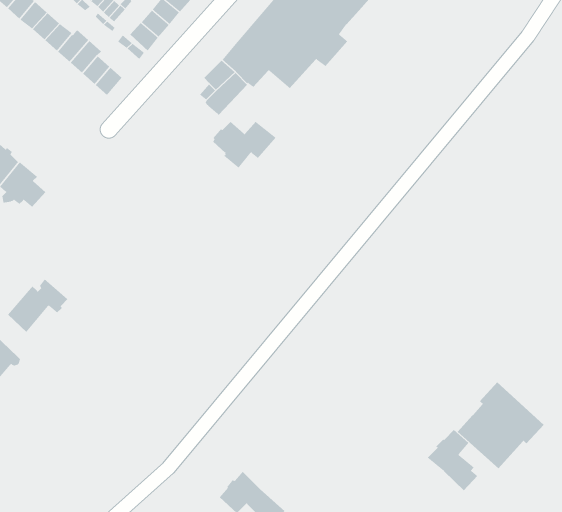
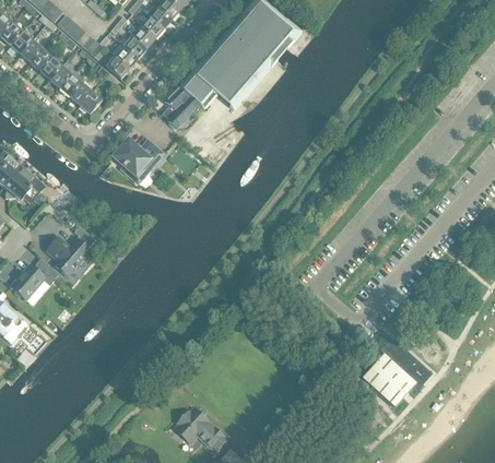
building: [212,121,276,168] -> [114,140,164,177]
building: none -> [45,225,94,276]
building: [427,429,478,491] -> none

